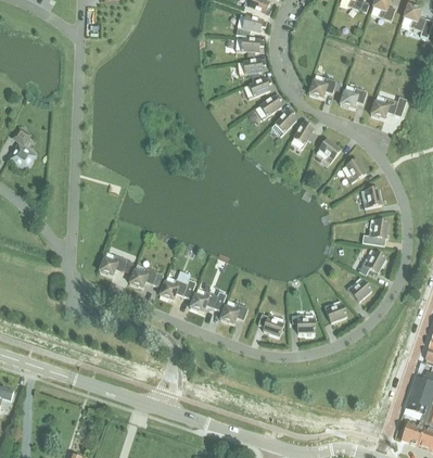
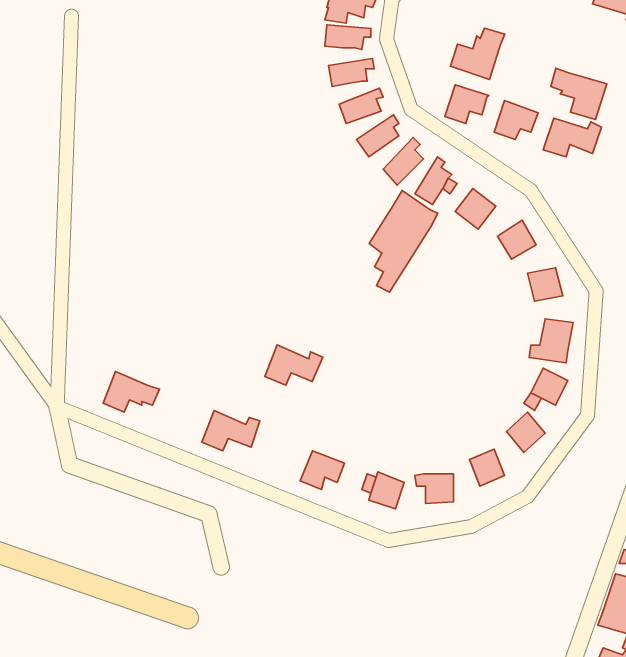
building: none -> [451,28,505,79]
building: none -> [551,68,607,119]
building: none -> [369,190,438,292]
building: [129,264,163,289] -> none
building: [190,288,226,313] -> [265,345,323,385]

